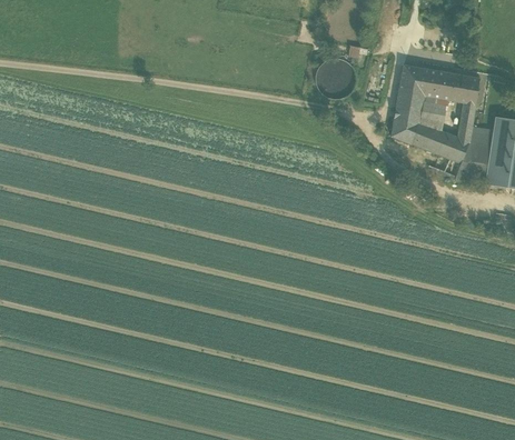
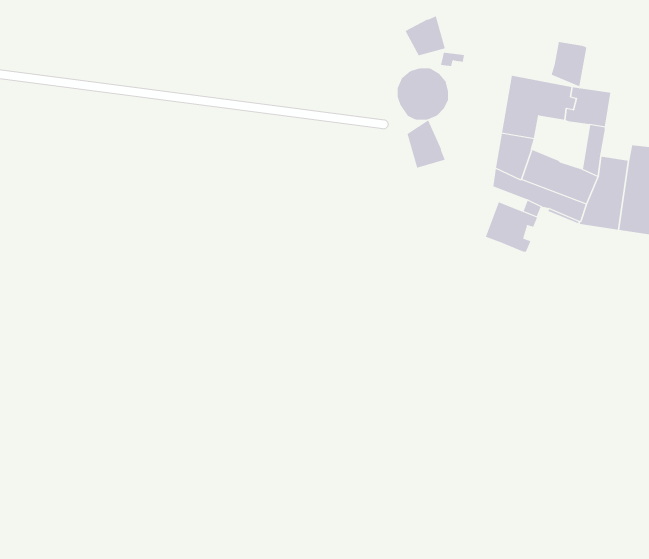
building: none -> [405,15,446,56]
building: [420,94,448,130] -> [551,42,587,88]
building: none -> [407,120,445,168]
building: none -> [485,202,538,252]

